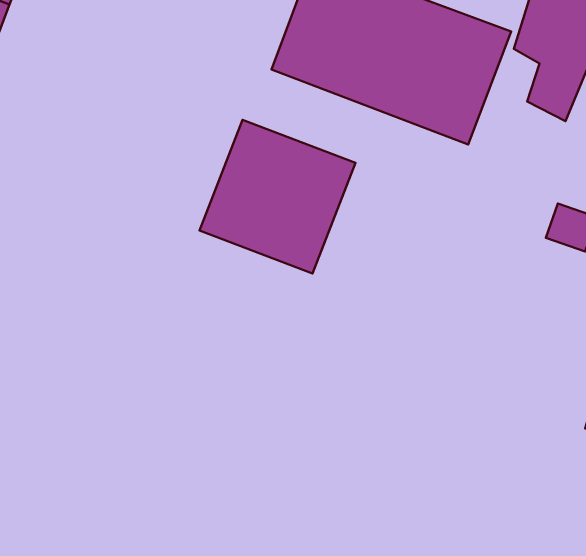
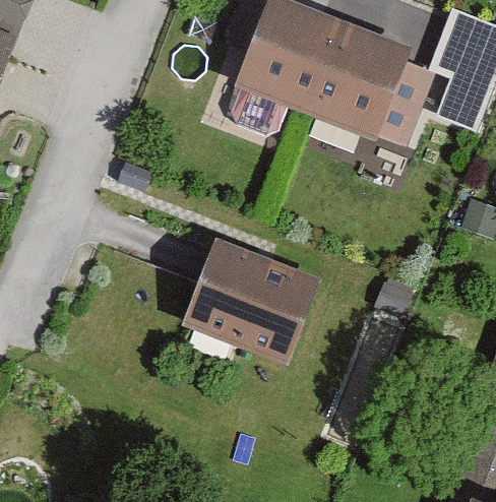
building: [199,120,356,274] -> [188,245,317,372]

